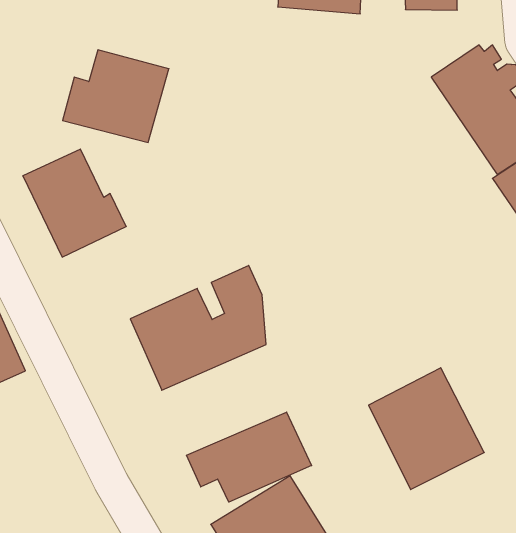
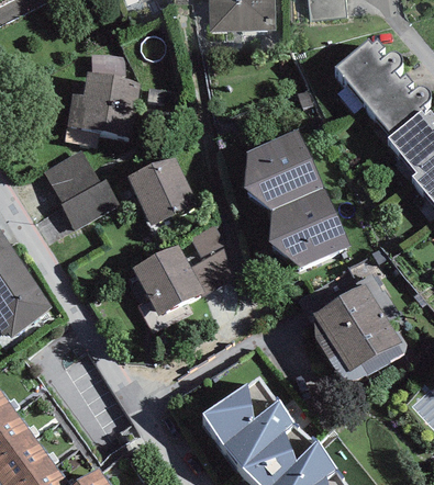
building: none -> [247,140,352,272]
building: none -> [124,155,196,226]
building: [187,412,312,502] -> none

